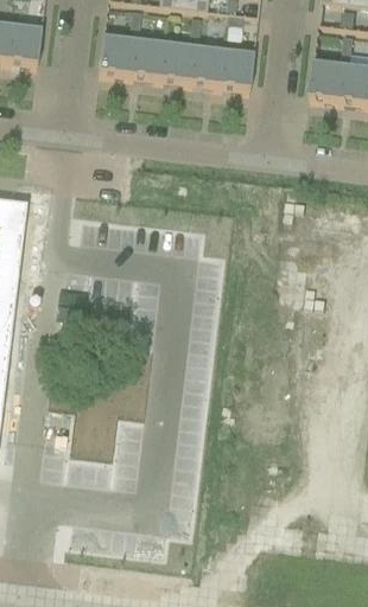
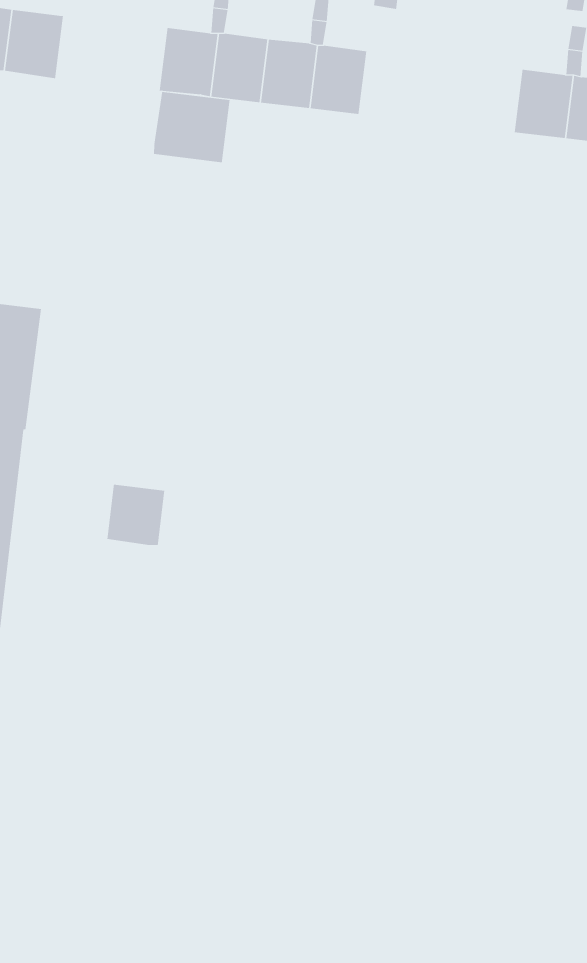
building: [220,44,255,85] -> none
building: none -> [154,91,230,163]
building: none -> [107,484,165,546]

